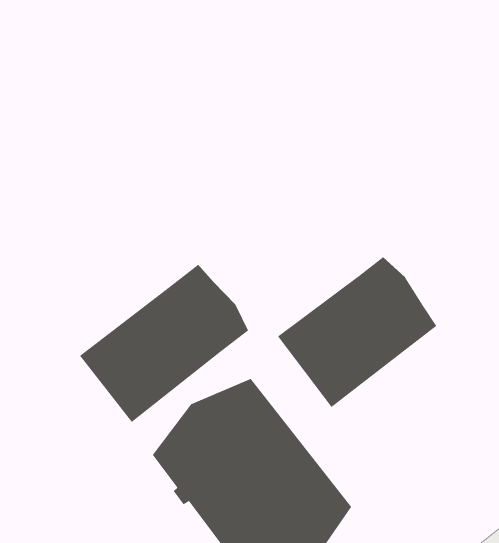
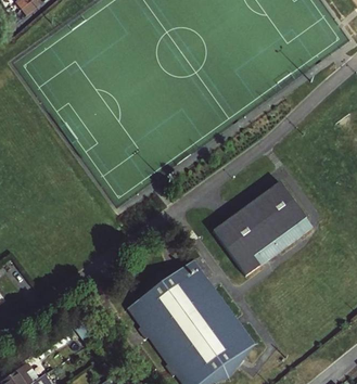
building: [79,264,249,423] -> none

